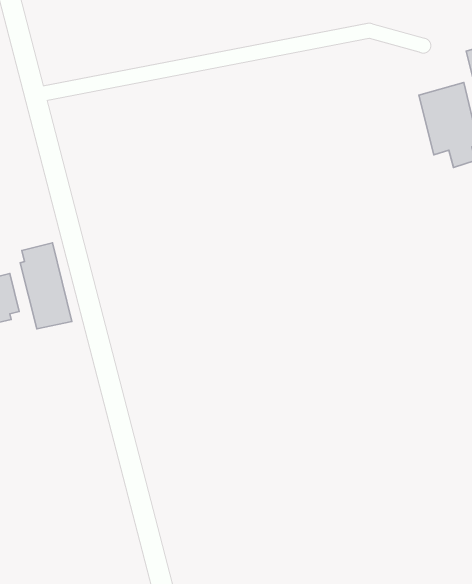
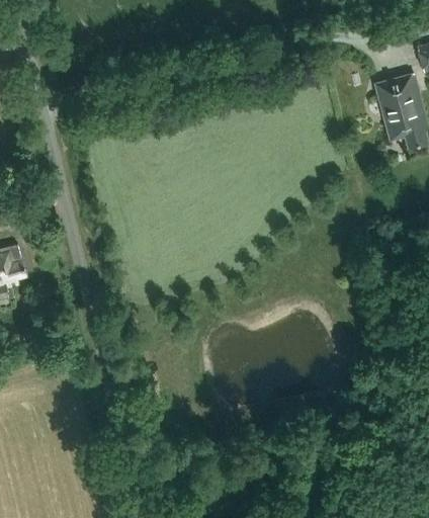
building: [20,243,72,329] -> none

